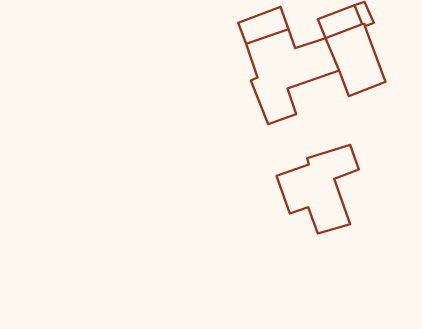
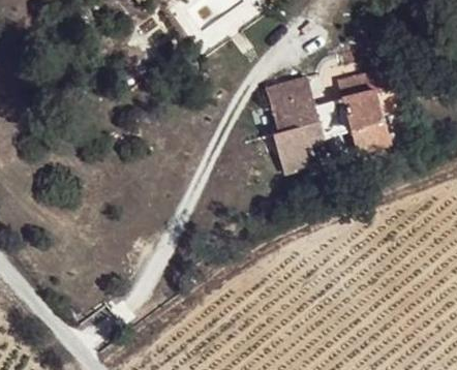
building: [277,145,359,234] -> none

